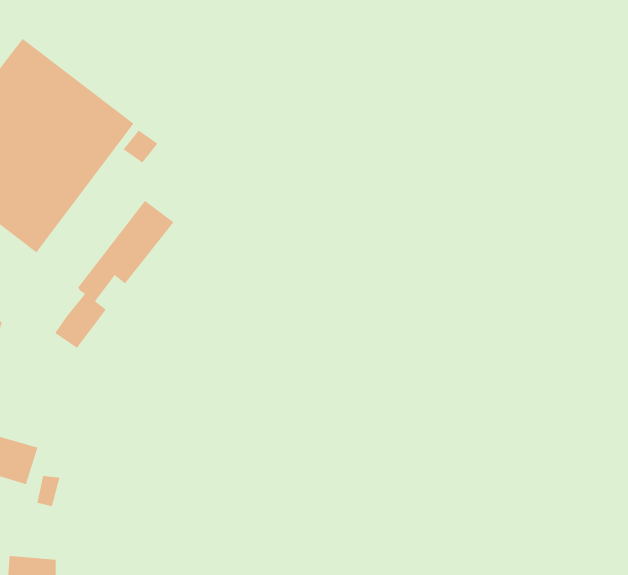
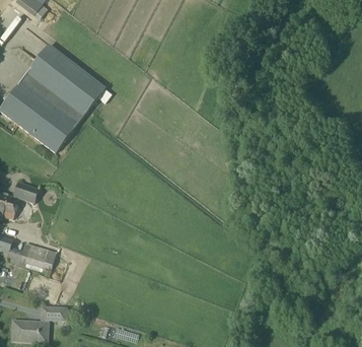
building: [54,200,174,349] -> none

